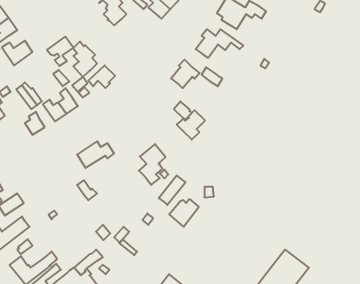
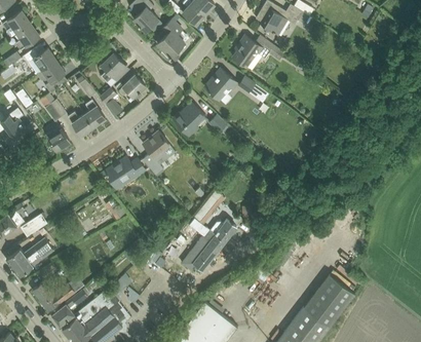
building: none -> [157,20,185,58]
building: [47,37,74,66] -> [37,61,66,92]
building: [177,110,205,140] -> [173,104,203,136]
building: [139,144,165,185] -> [142,131,170,176]
building: none -> [193,236,220,270]

